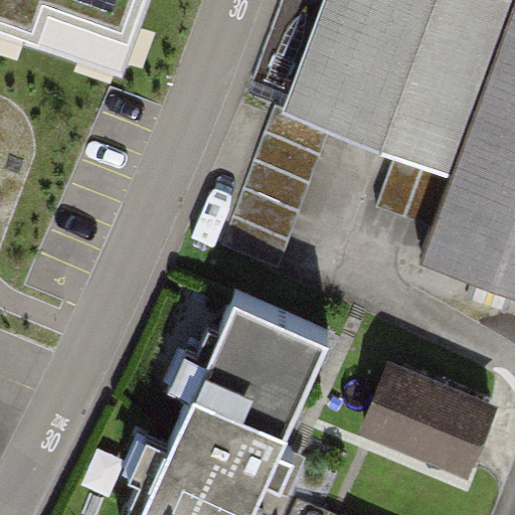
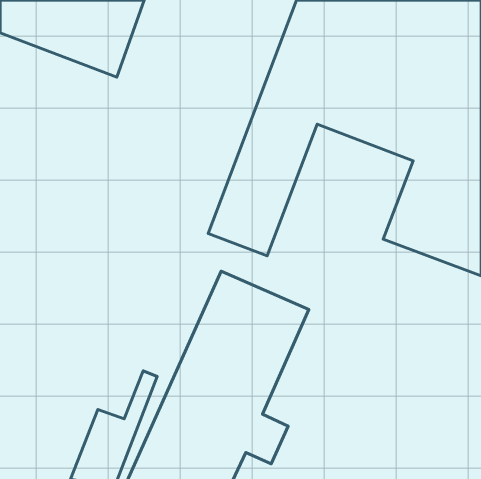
building: [359,357,498,474] -> none

